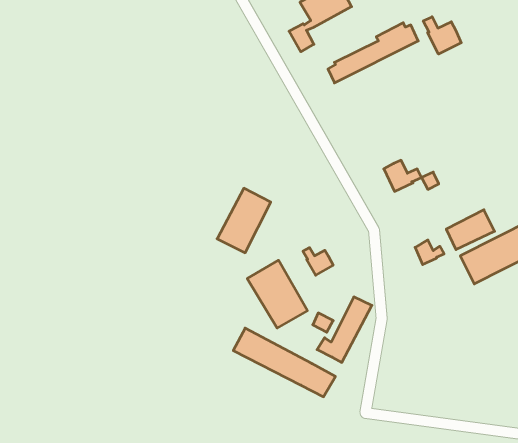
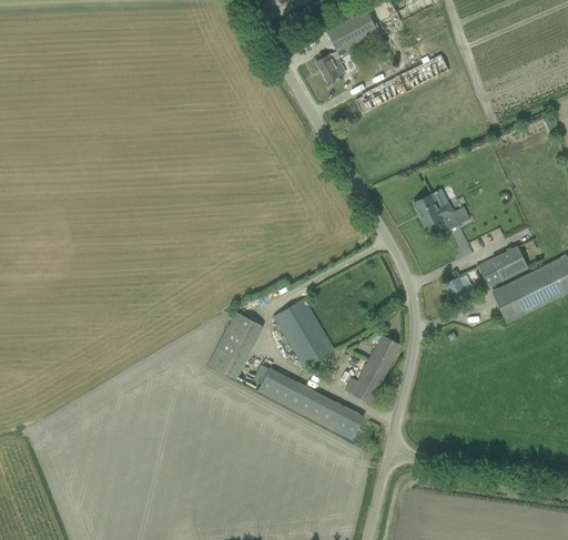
building: [423,17,461,54] -> none
building: [217,188,271,253] -> [207,312,263,378]
building: [303,248,333,275] -> none

